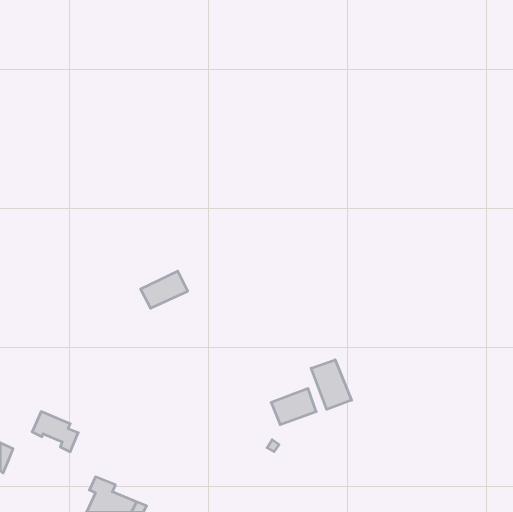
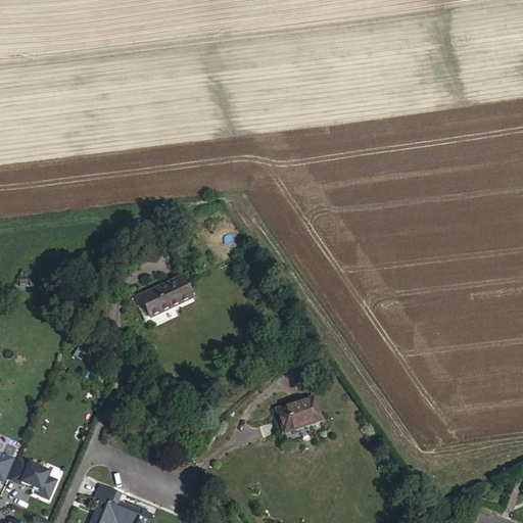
building: [311,360,352,409] -> none
building: [32,412,78,452] -> [9,458,56,498]

